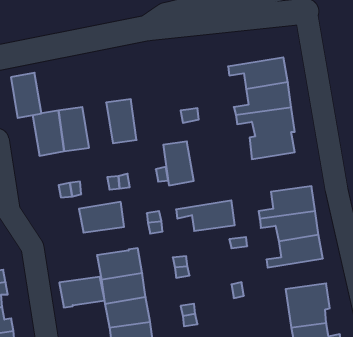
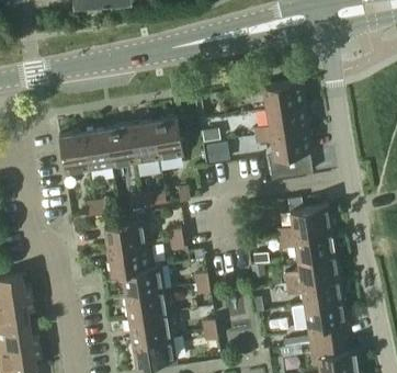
building: [11,73,41,118] -> [106,125,136,169]
building: [163,141,194,185] -> [154,118,183,161]
building: [176,200,235,231] -> [286,276,343,306]
building: [59,277,104,307] -> [107,246,151,275]

